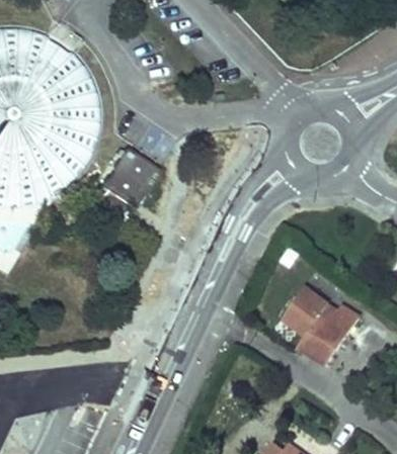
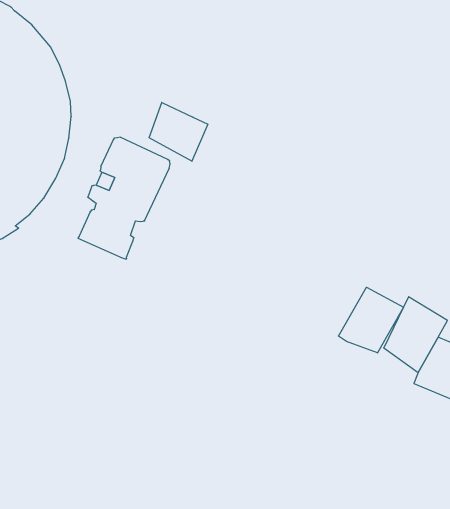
building: none -> [149,102,208,161]
building: none -> [338,287,404,353]

